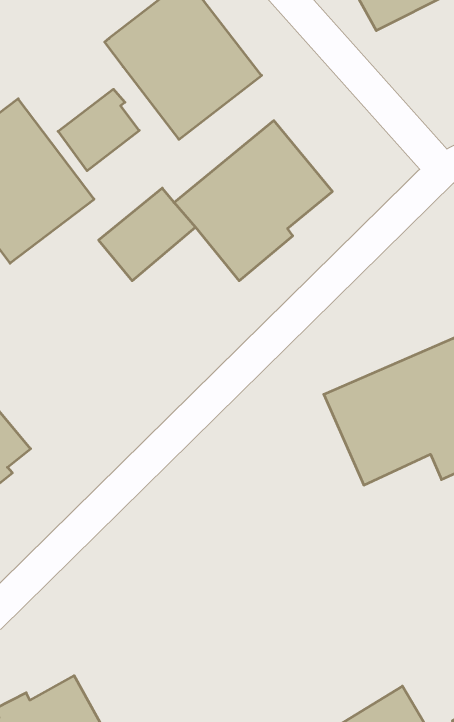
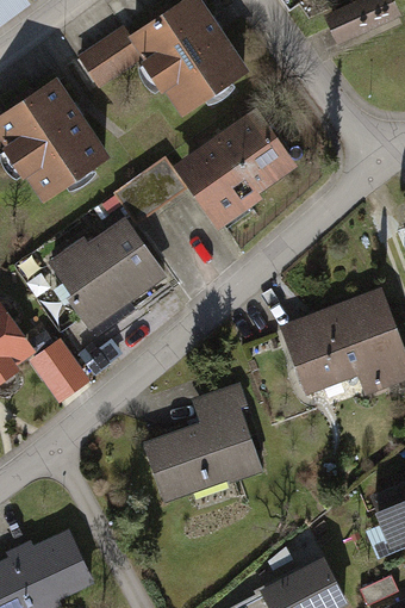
building: [58,89,139,171] -> [75,26,138,88]
building: none -> [43,217,164,333]
building: none -> [35,337,96,402]
building: none -> [141,383,261,503]

